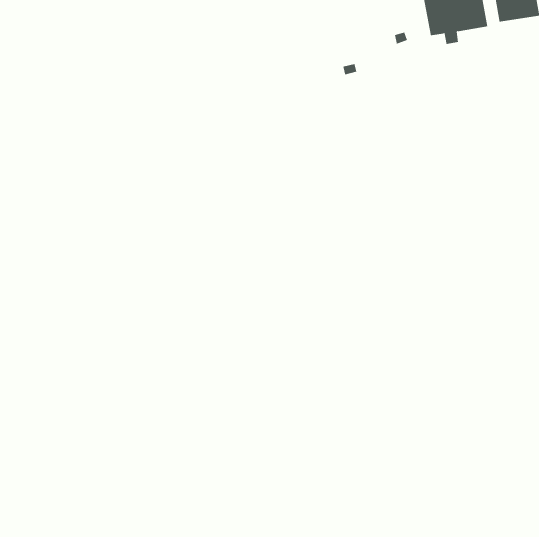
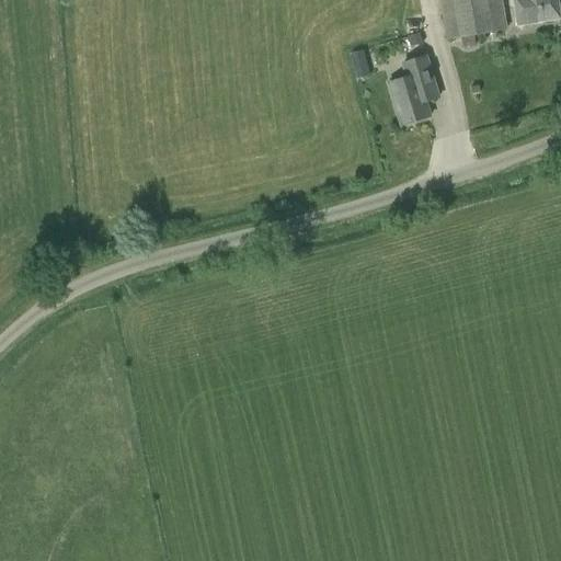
building: none -> [389,54,435,123]

